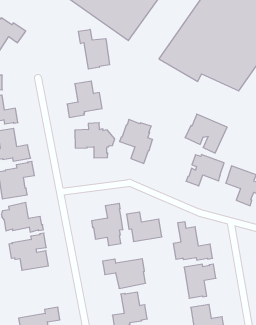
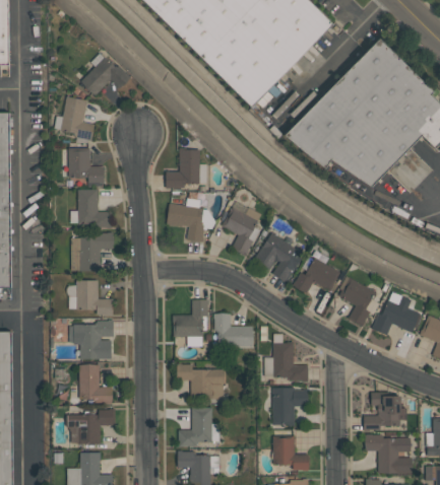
building: [79,29,109,69] -> none
building: [185,114,227,153] -> [253,232,305,282]
building: none -> [79,364,112,403]

